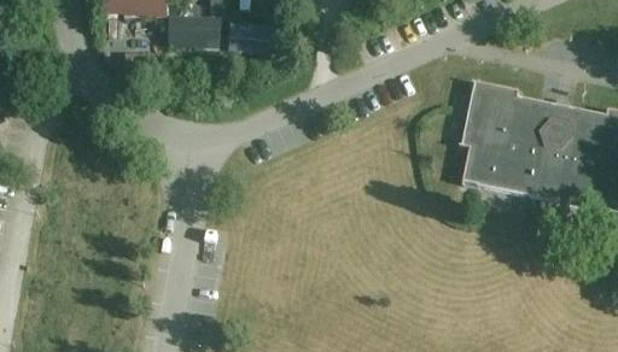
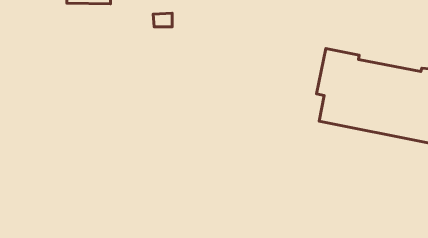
building: [169,16,220,43] -> none

